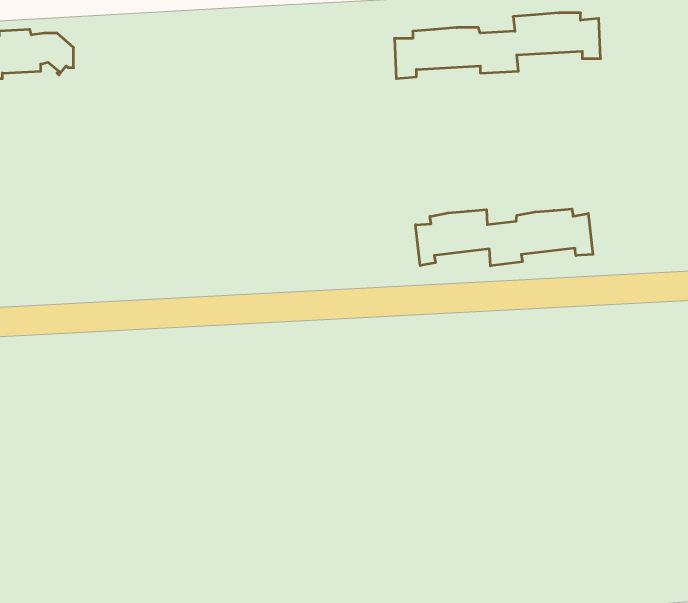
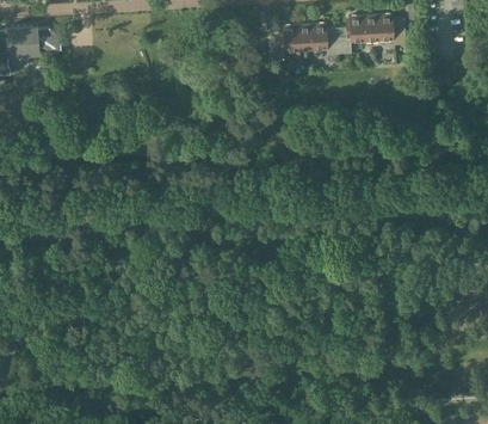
building: [416,209,593,266] -> none

